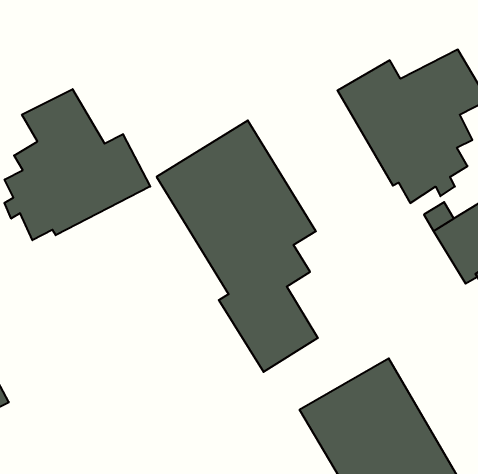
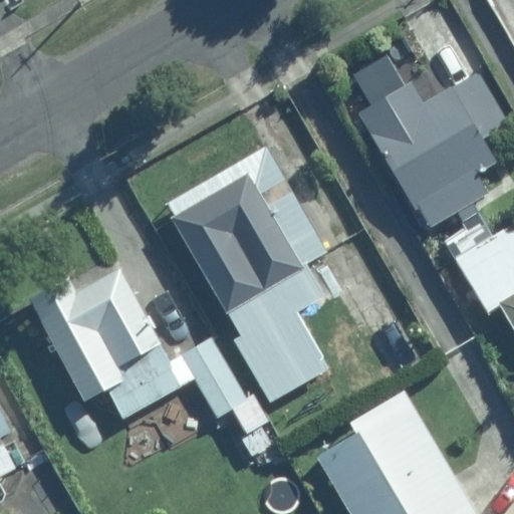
building: [4,89,150,240] -> none
building: none -> [33,272,269,435]

